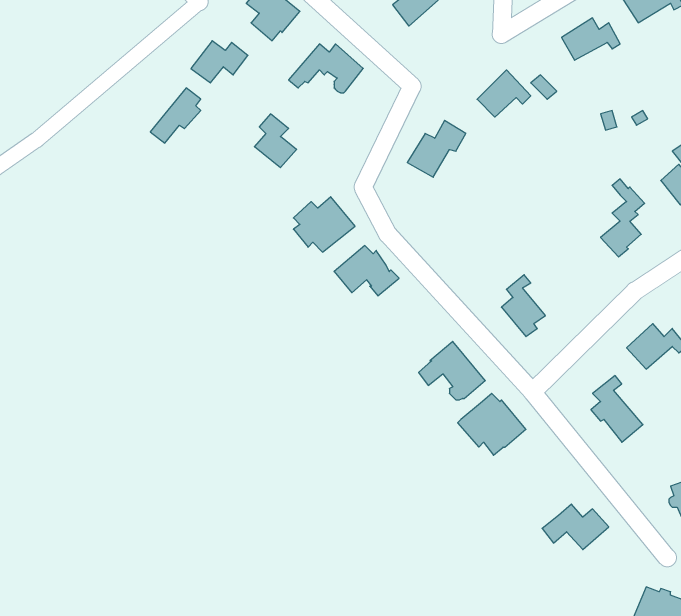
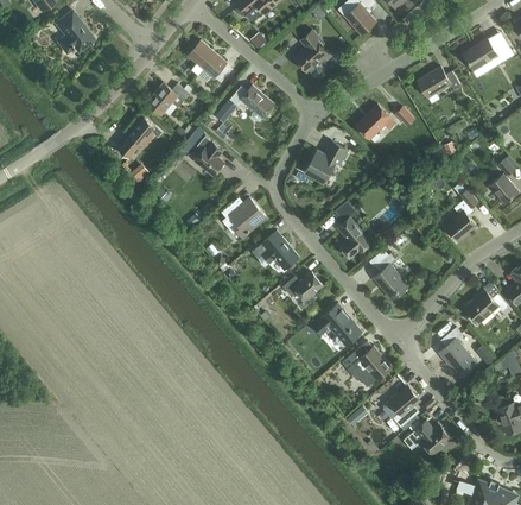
building: none -> [335,201,370,255]
building: none -> [282,271,322,299]
building: none -> [382,385,419,427]

